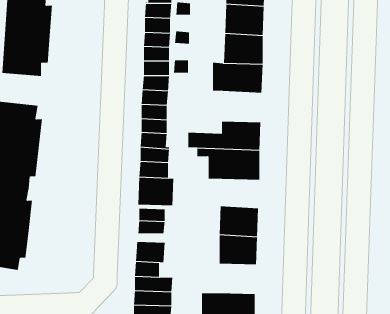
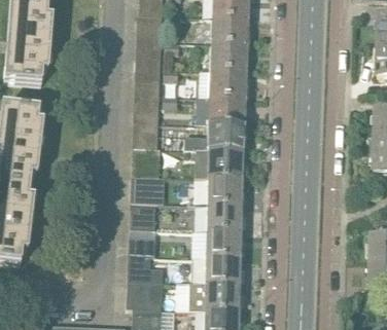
building: none -> [207,97,245,125]
building: none -> [206,178,243,205]
building: none -> [204,256,240,284]

